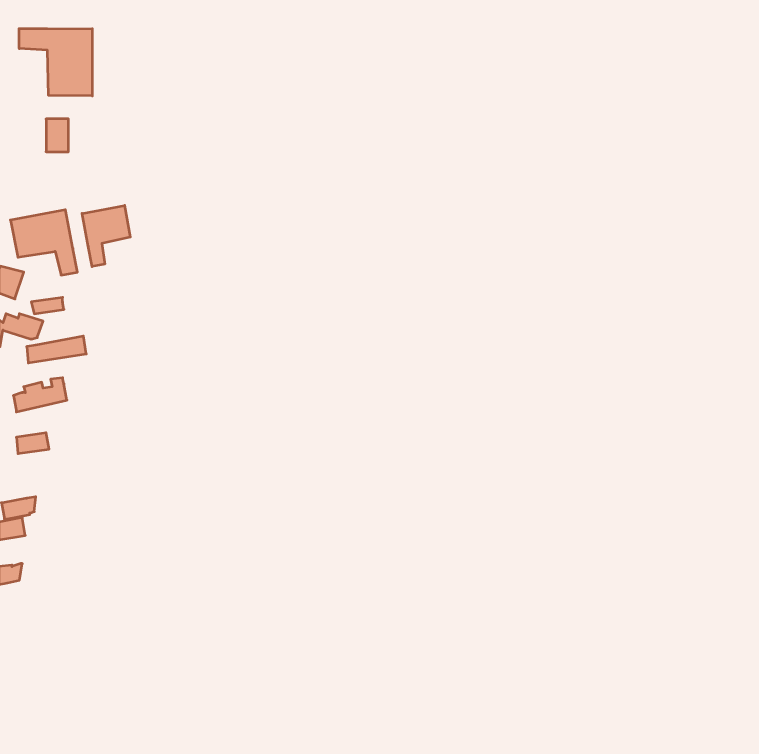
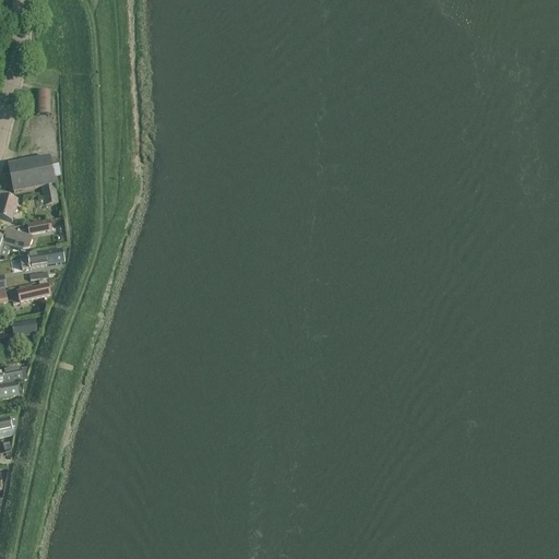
building: [19,29,92,96] -> none
building: [82,205,130,267] -> none

